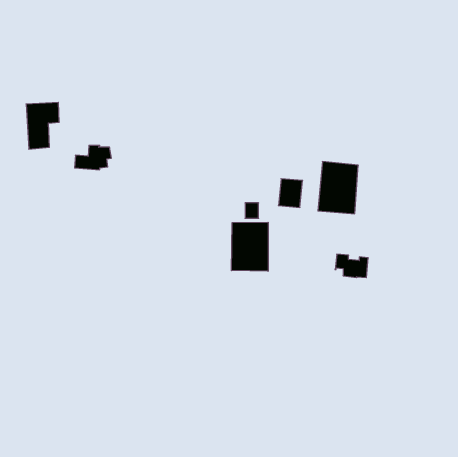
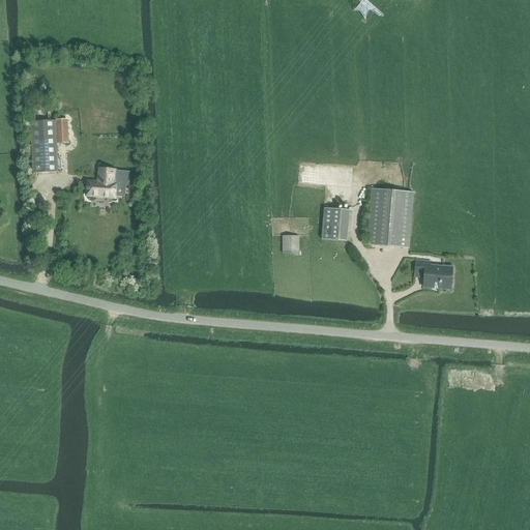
building: [231,222,268,271] -> none
building: [335,254,368,278] -> [414,259,452,286]

